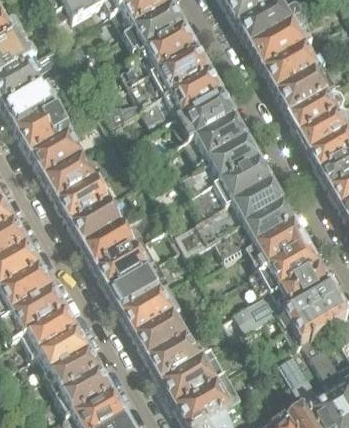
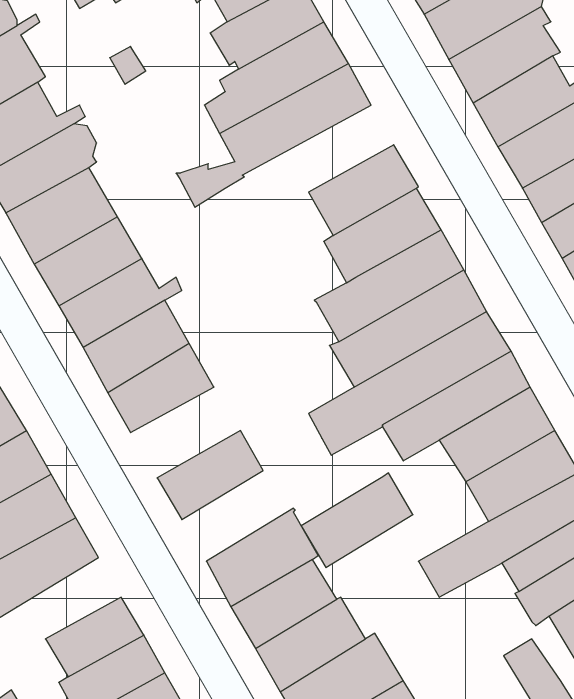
building: [144,72,224,125] -> none
building: [85,221,143,269] -> none
building: [112,263,171,313] -> [301,473,413,568]
building: [25,311,80,357] -> none

